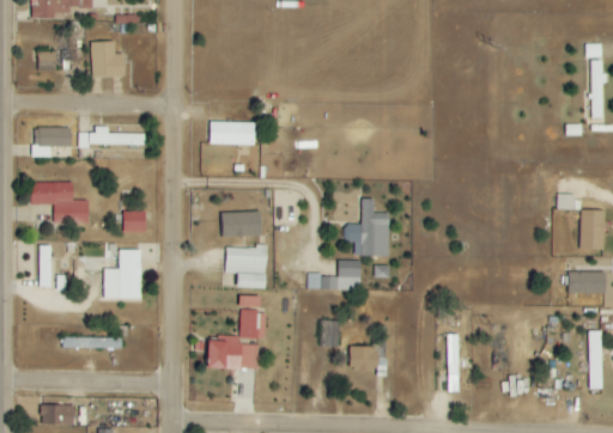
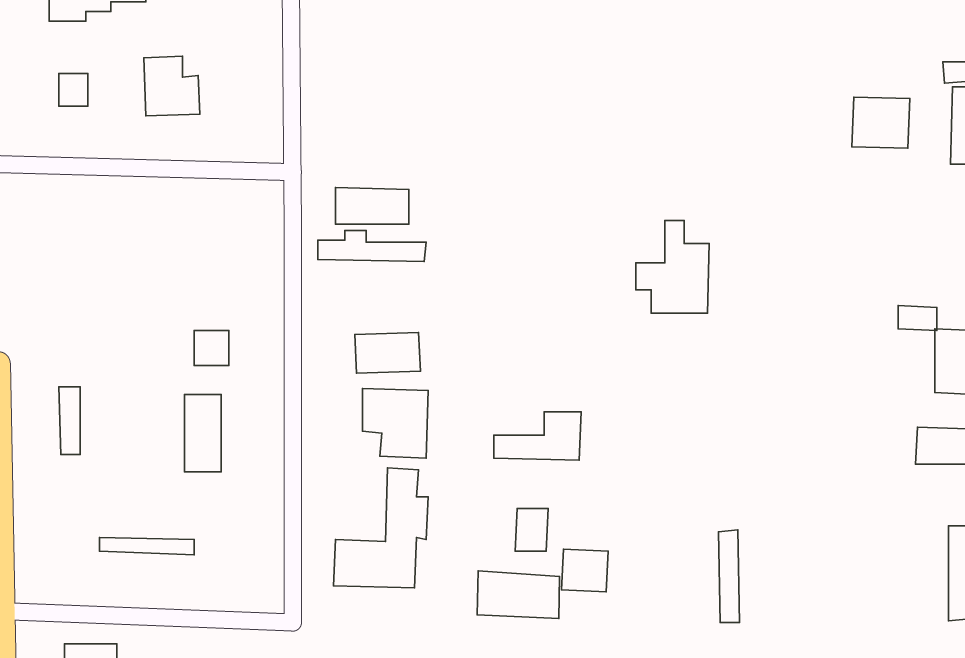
building: none -> [852,97,910,148]
building: [36,127,72,157] -> none
building: [79,127,146,146] -> [318,231,426,262]
building: [31,183,89,224] -> none
building: [345,199,390,256] -> [636,220,709,313]
building: none -> [477,571,560,618]

